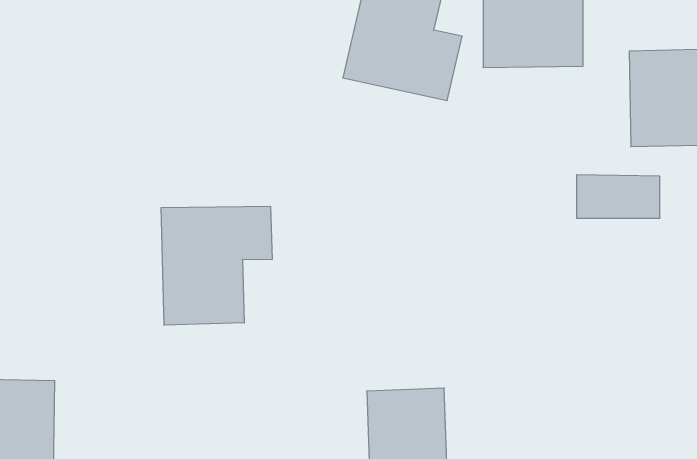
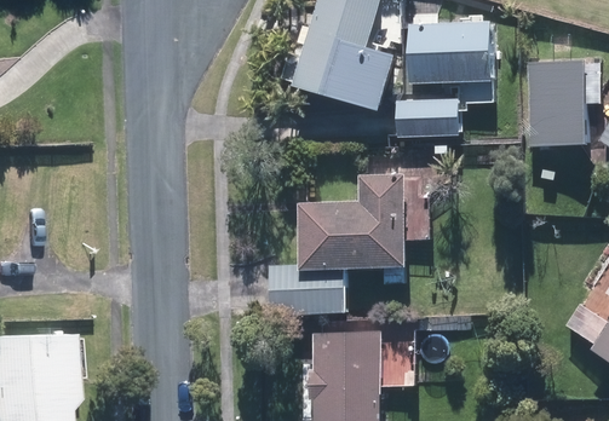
building: [576,175,660,218] -> [396,100,464,135]
building: none -> [271,171,404,312]
building: [161,206,272,325] -> none

